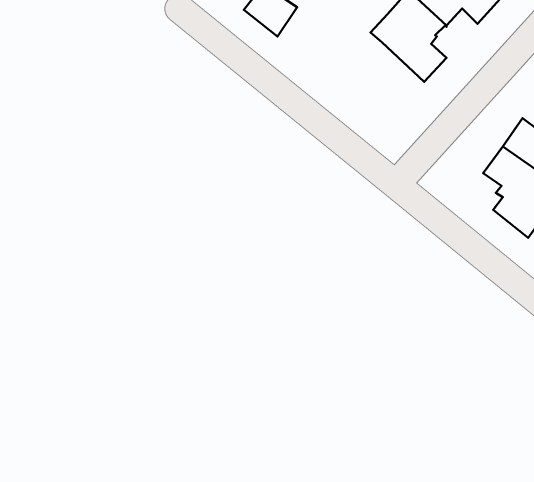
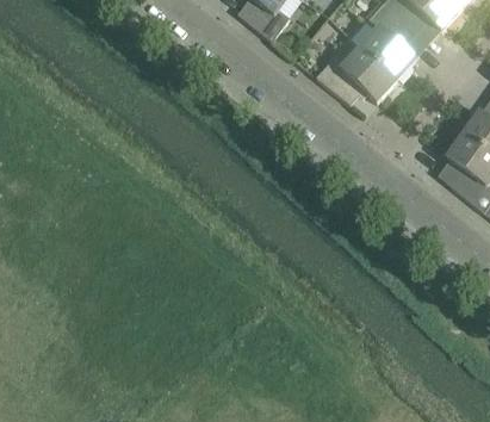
building: none -> [315,44,395,99]

